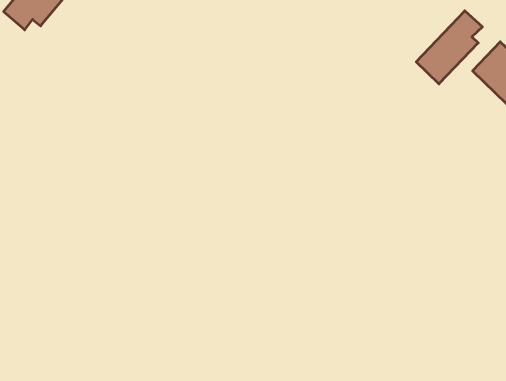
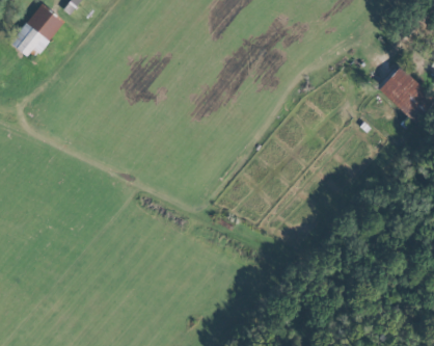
building: [416,11,482,84] -> none

